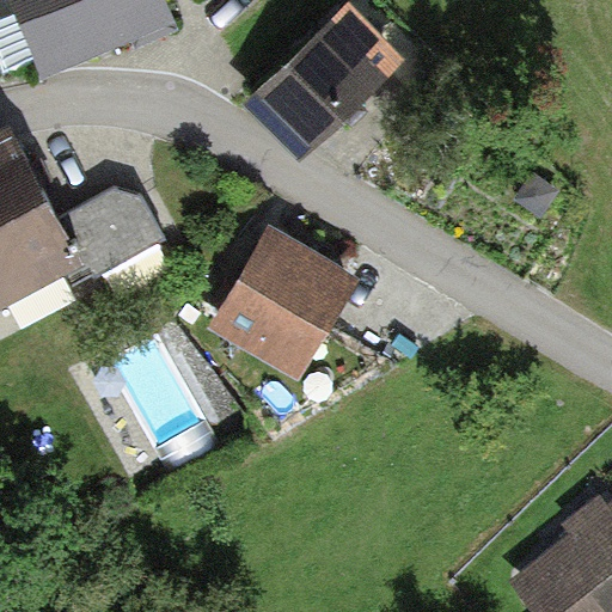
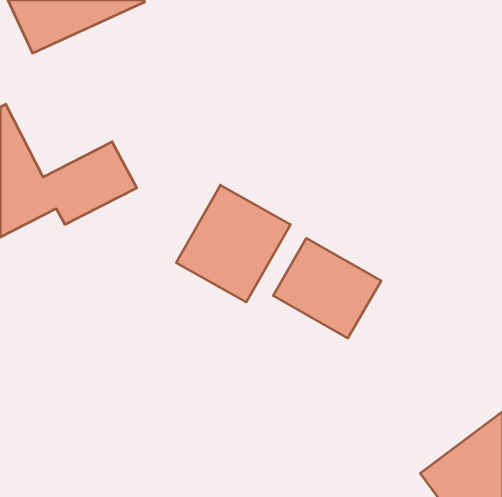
building: [240,24,377,158] -> none
building: none -> [273,238,381,338]

